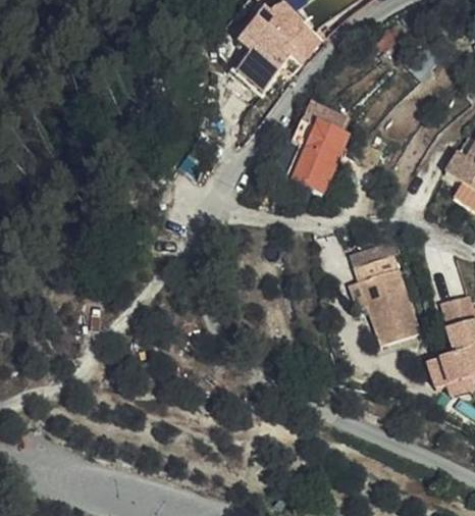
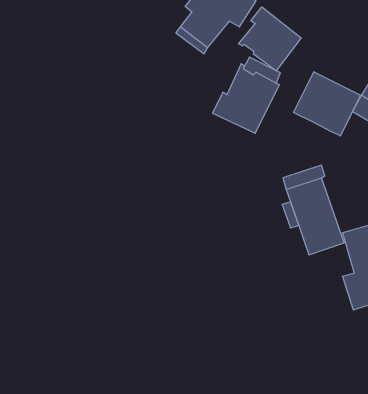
building: none -> [239,7,301,71]
building: none -> [294,72,360,136]

